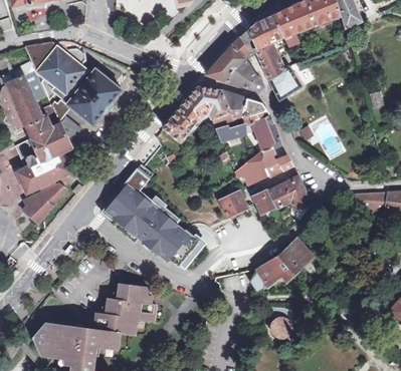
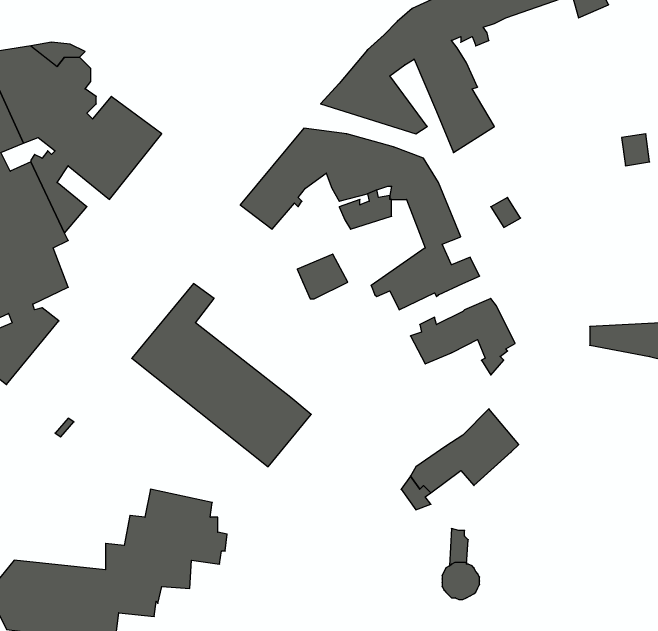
building: [219,194,246,218] -> [297,254,348,299]

